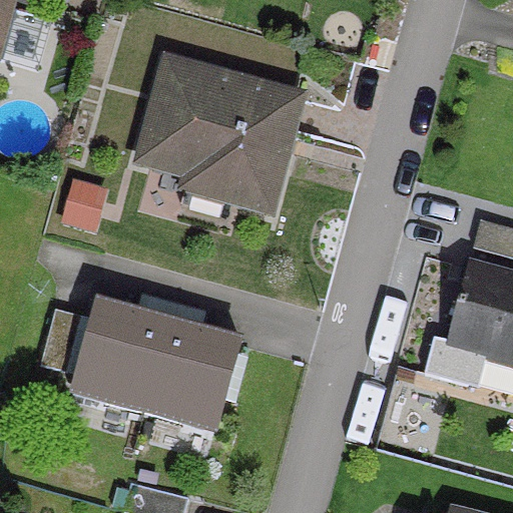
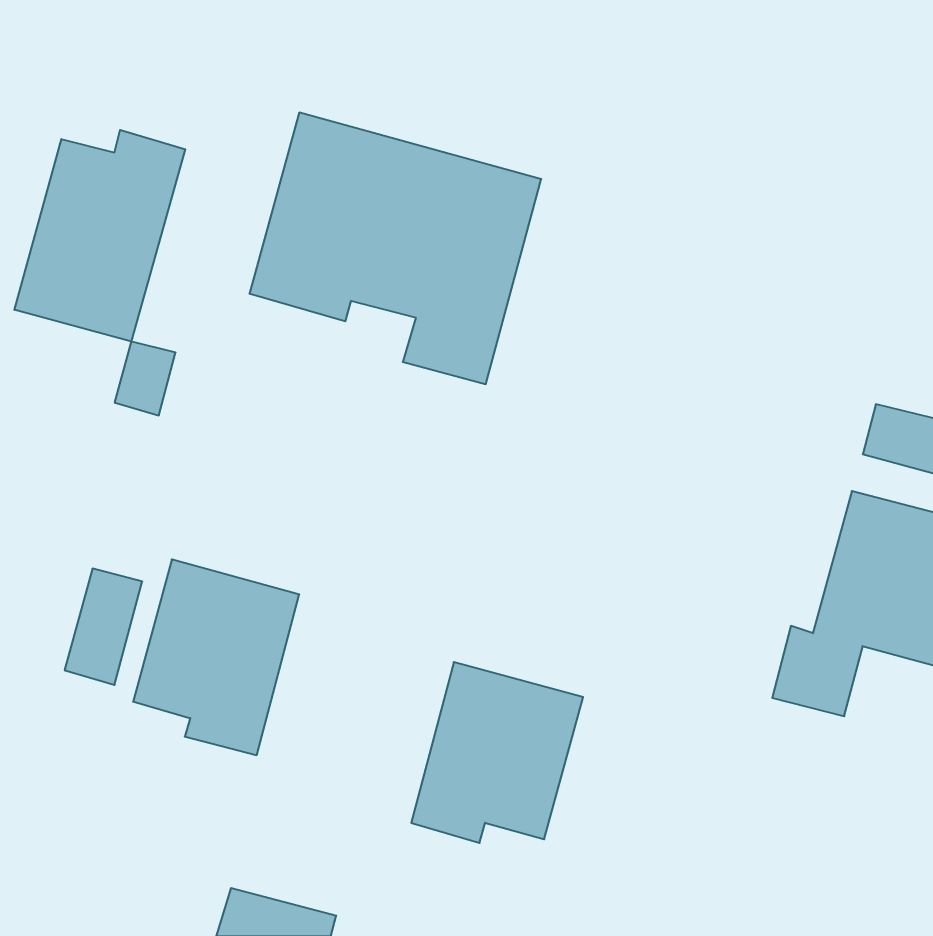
building: none -> [14,130,185,342]
building: [145,323,238,421] -> [411,662,583,843]

